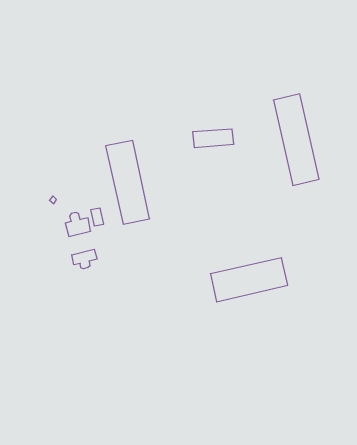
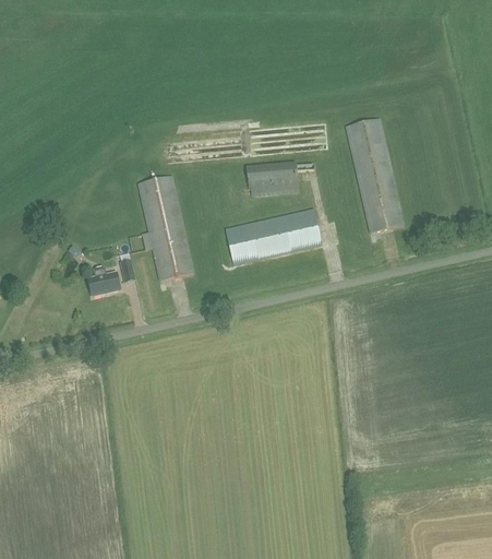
building: [72,249,97,269] -> none
building: [210,258,288,302] -> [225,210,321,264]

